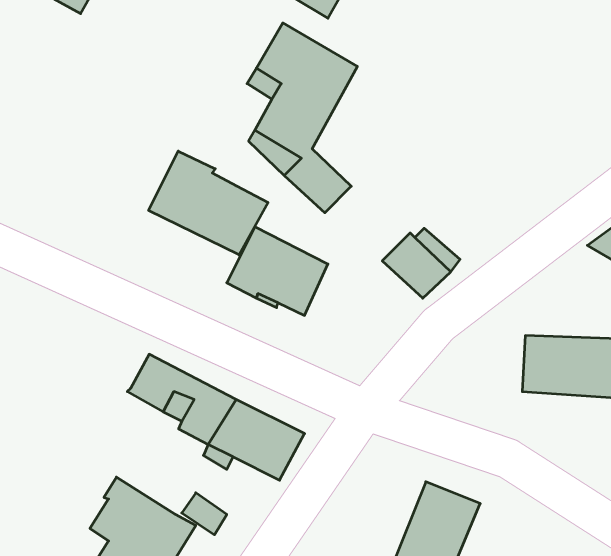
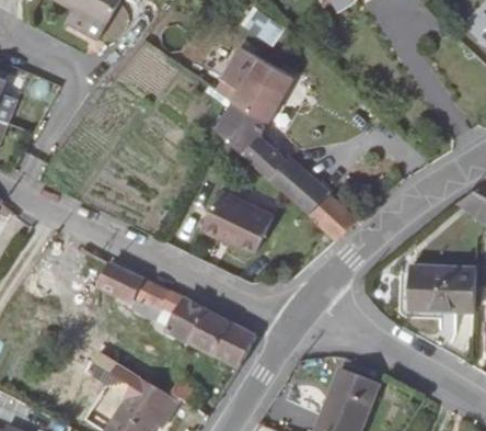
building: [149,151,268,255] -> none
building: none -> [268,159,326,213]
building: none -> [96,263,144,304]

